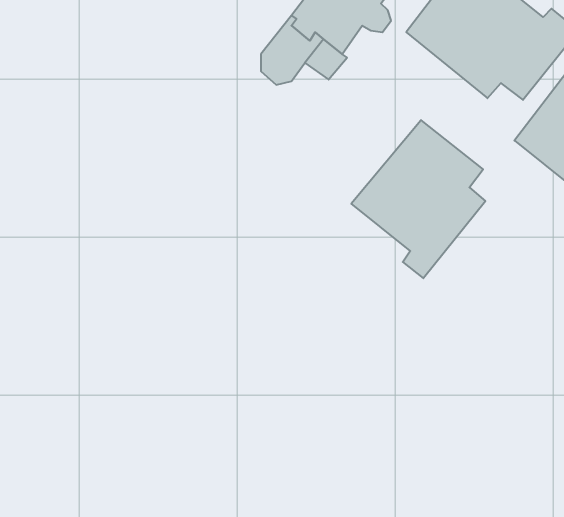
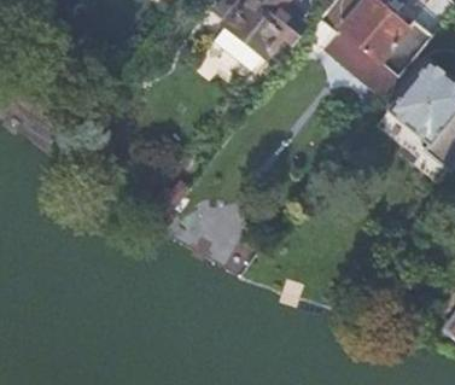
building: [351,120,485,278] -> none

